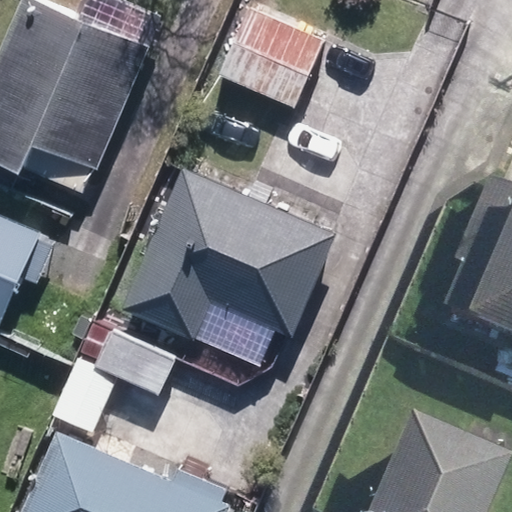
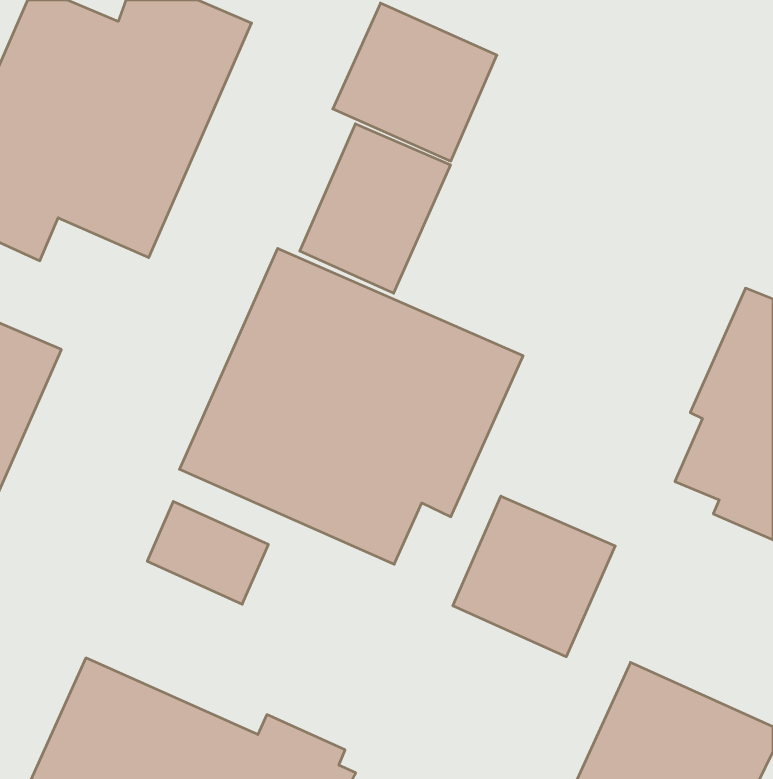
building: none -> [300,124,450,293]
building: none -> [453,496,615,657]

